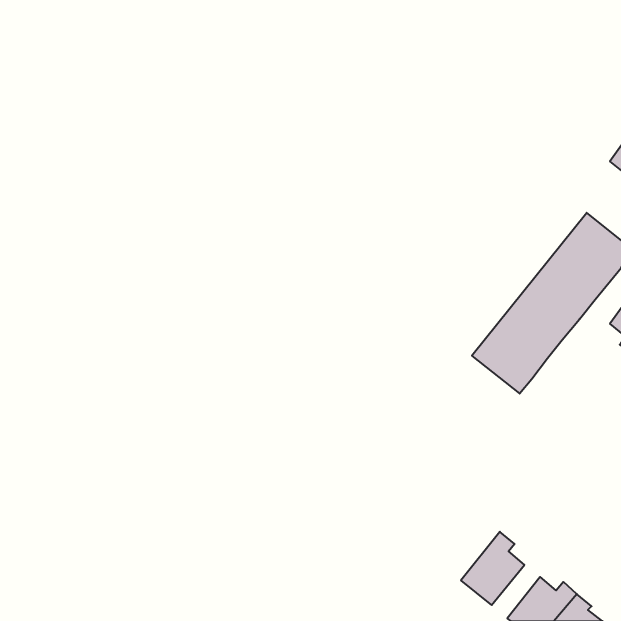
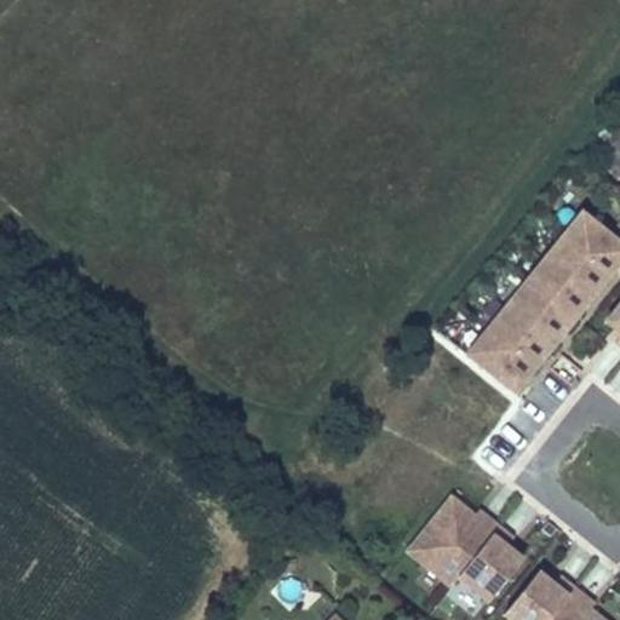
building: none -> [409,498,499,585]

